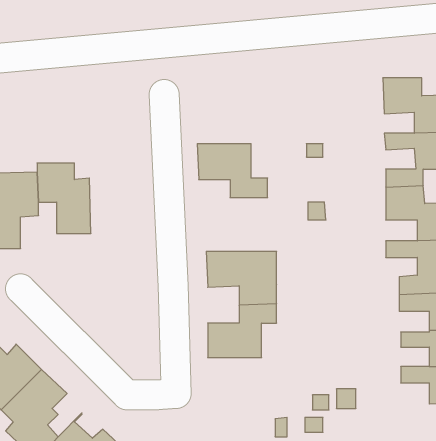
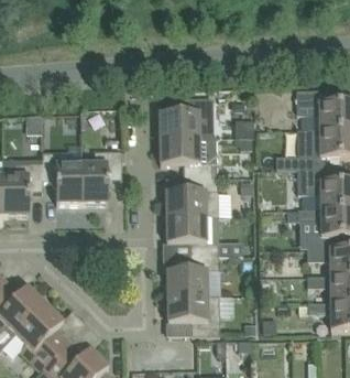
building: none -> [158,97,214,137]
building: none -> [79,150,121,203]
building: none -> [165,176,217,216]
building: none -> [166,294,218,335]

